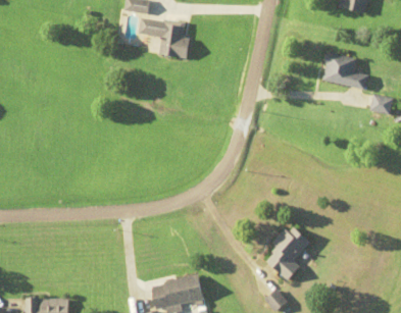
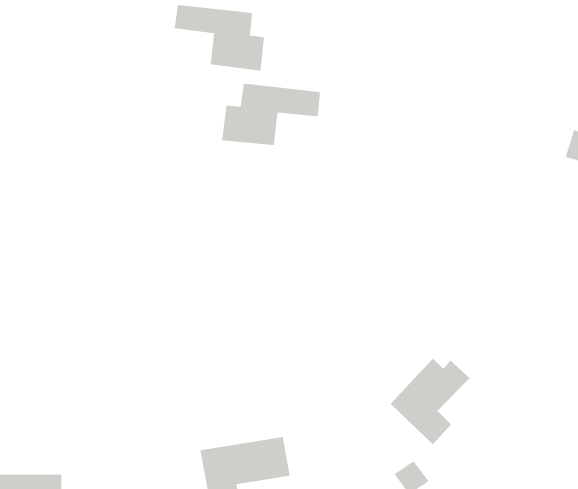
building: [321,53,368,90] -> none
building: none -> [221,83,321,146]

